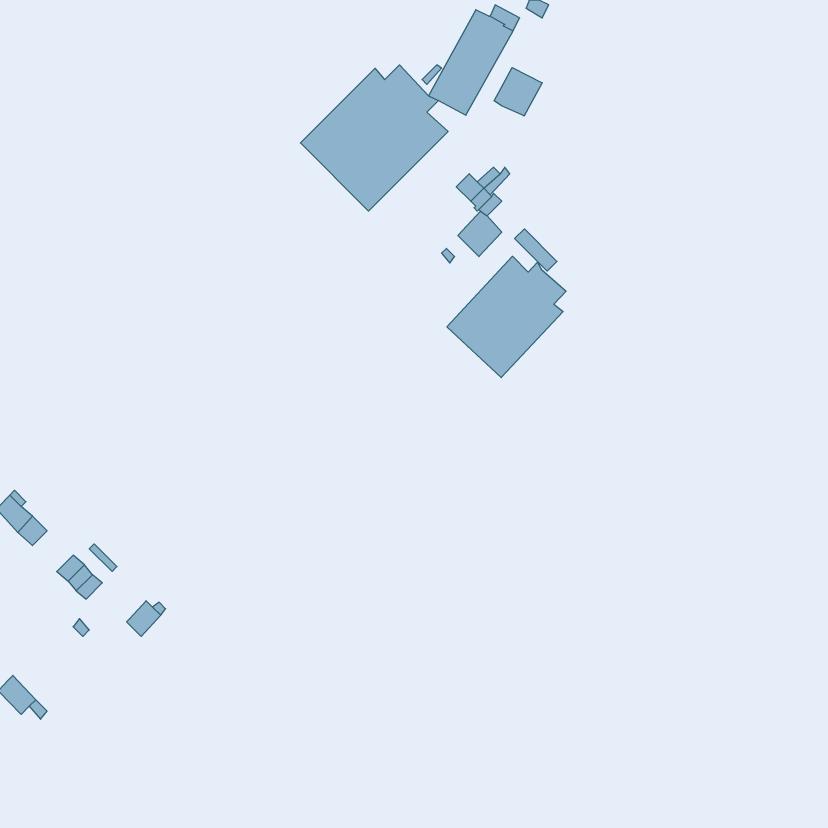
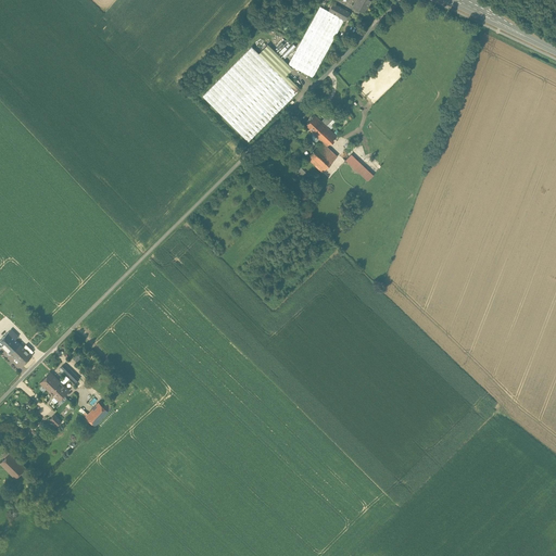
building: [494,68,542,116] -> none
building: [447,256,566,378] -> none

